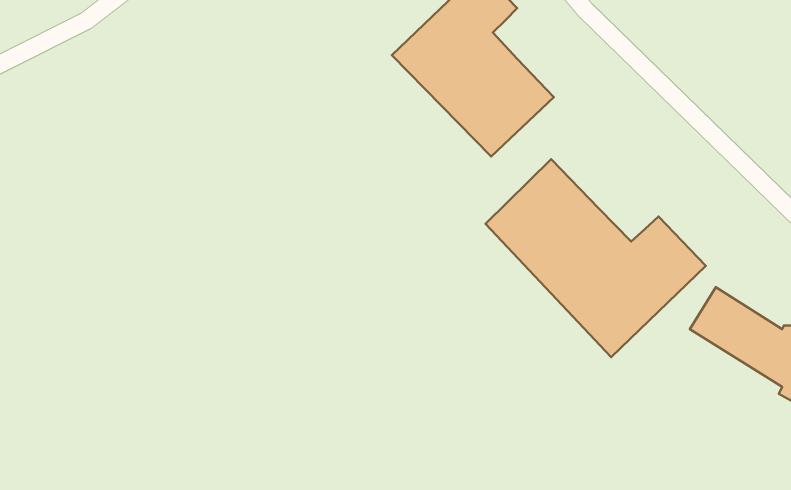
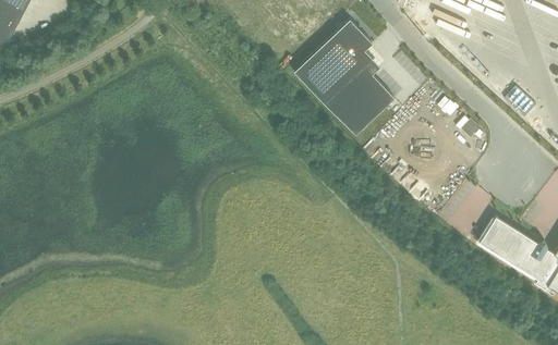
building: [486,159,706,357] -> none

